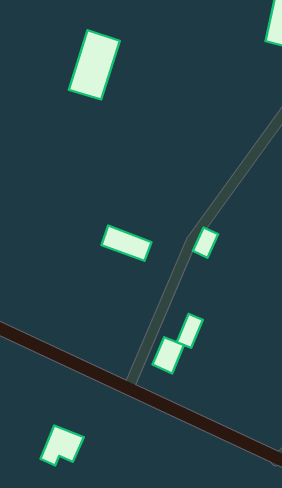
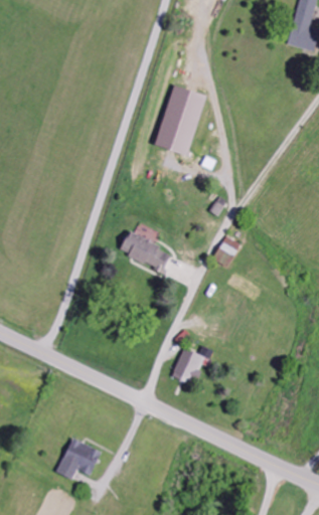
building: [69,30,120,100] -> [154,83,206,155]
building: [177,314,203,348] -> none

